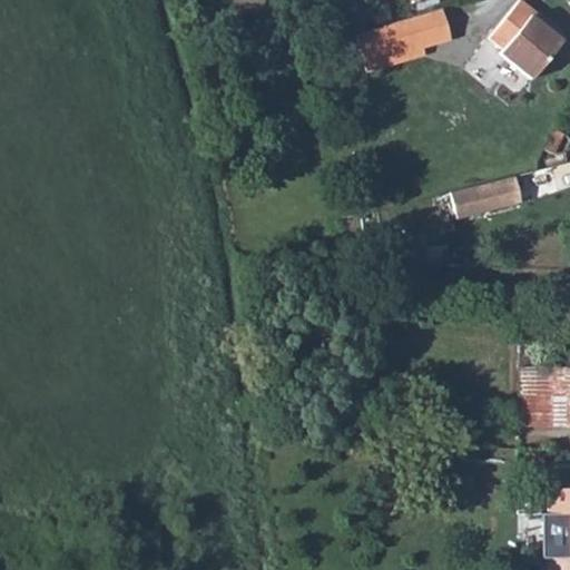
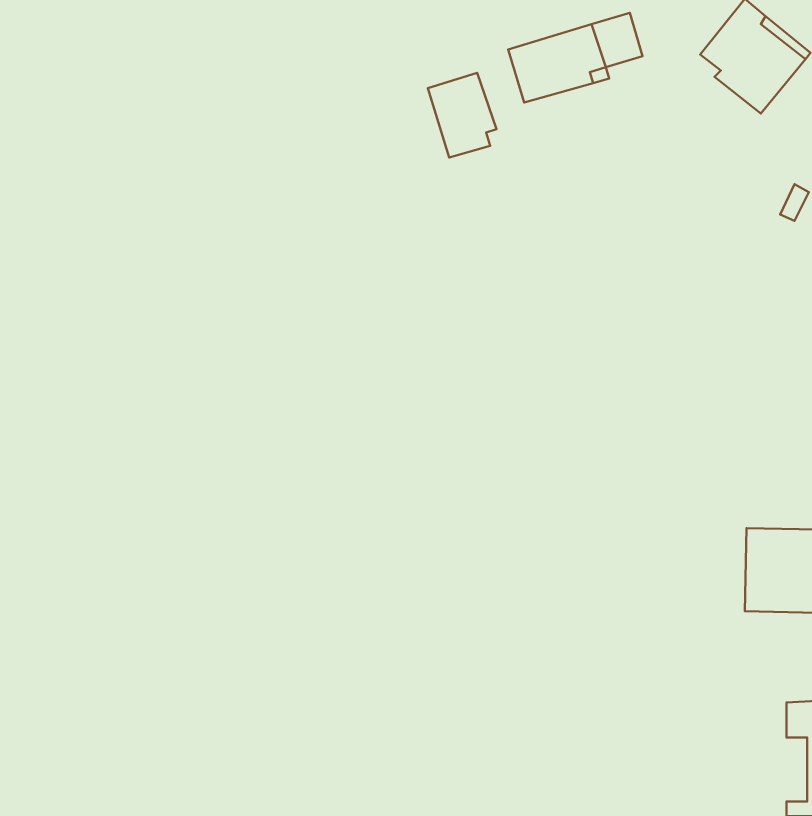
building: none -> [428,73,496,157]
building: [450,176,522,219] -> none

